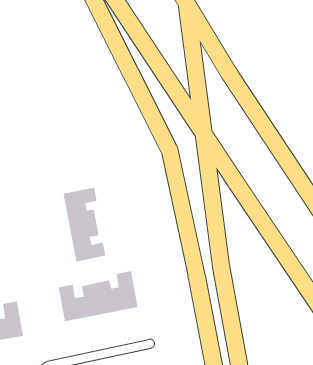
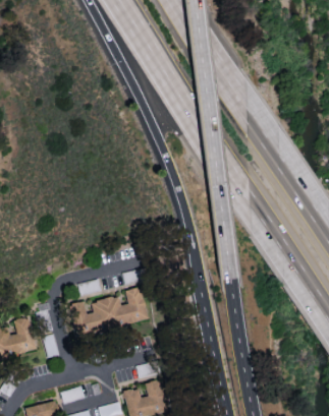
building: [62,187,106,262] -> none

